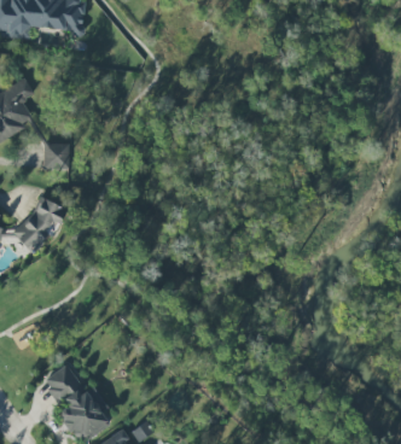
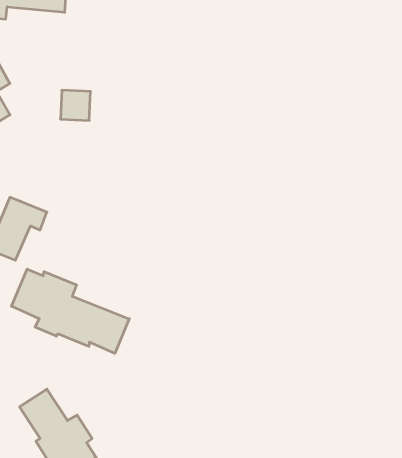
building: [42,142,69,169] -> [60,90,91,120]
building: none -> [11,269,129,353]

